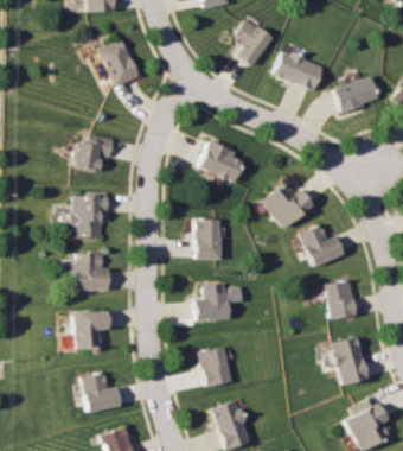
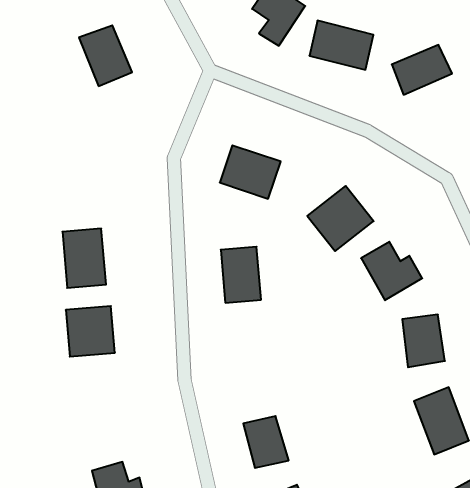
building: [71,133,115,172] -> none
building: [192,284,228,320] -> none
building: [72,311,107,349] -> none

